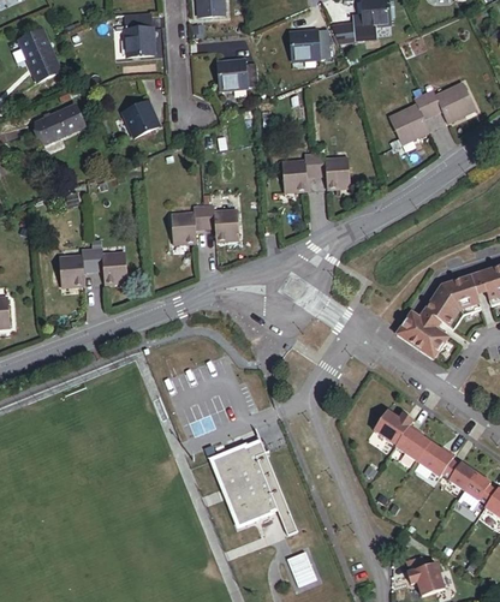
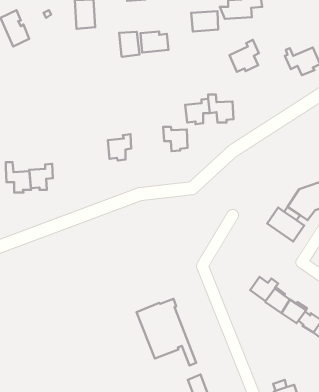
building: none -> [119,32,139,57]
building: [389,94,431,139] -> [229,40,259,72]
building: [124,100,157,136] -> none
building: [36,103,84,142] -> none
building: [203,205,238,240] -> [163,127,188,151]
building: [91,239,127,282] -> [6,162,31,192]

